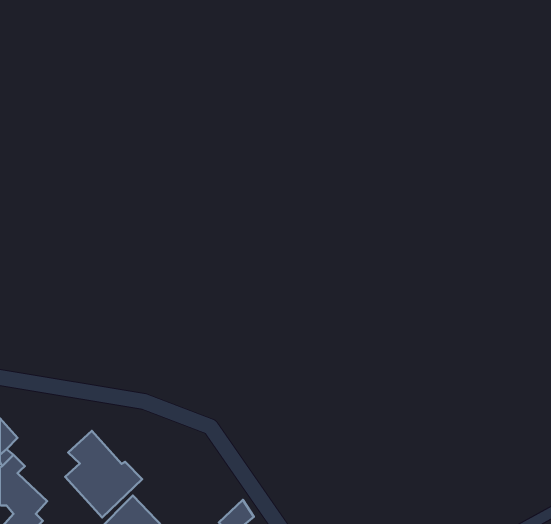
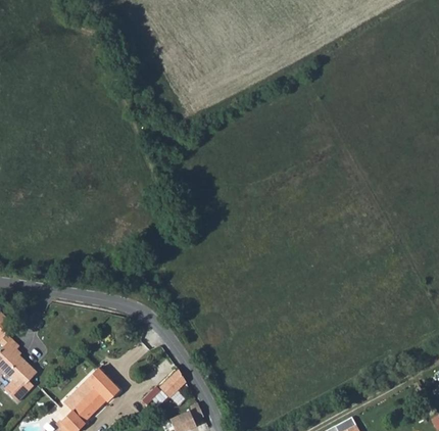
building: [65,431,142,518] -> none

